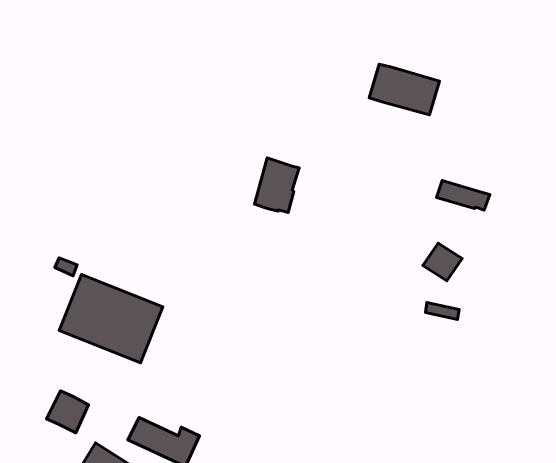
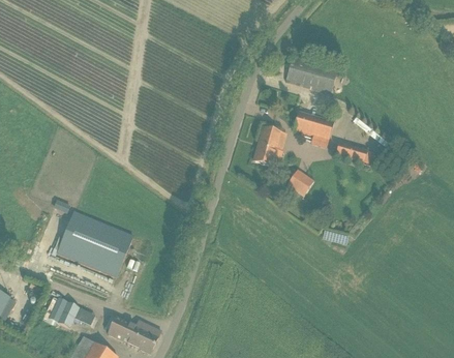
building: none -> [293,111,334,140]
building: [254,158,299,213] -> [253,126,286,167]
building: [423,243,462,281] -> [285,169,314,197]

